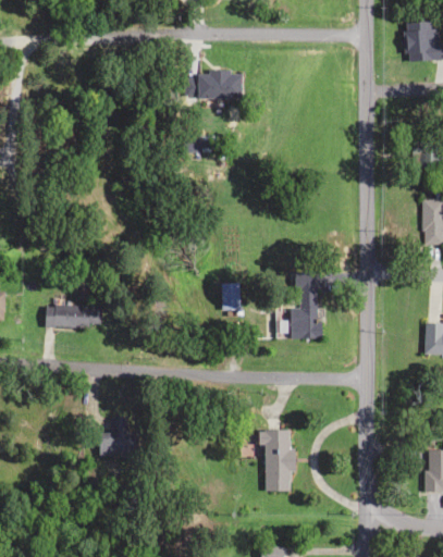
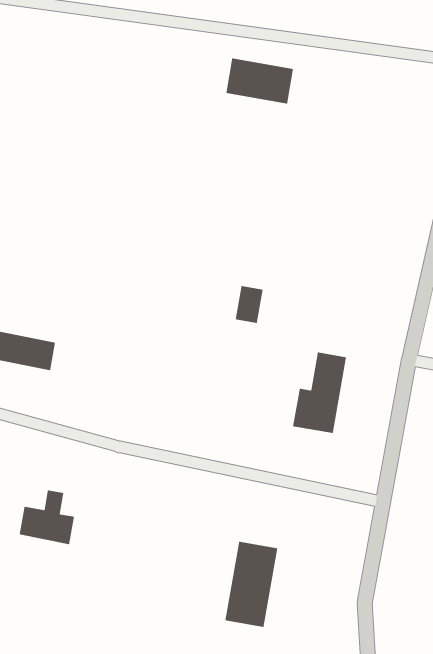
building: [222,283,239,309] -> [235,285,264,323]

